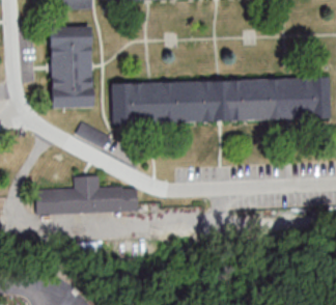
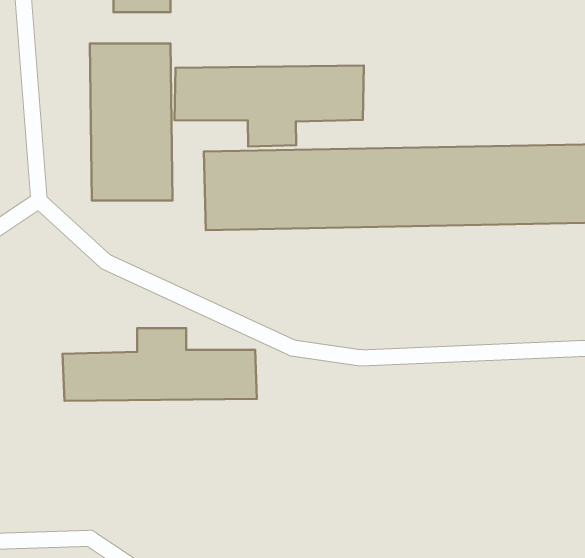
building: none -> [175,66,364,146]

